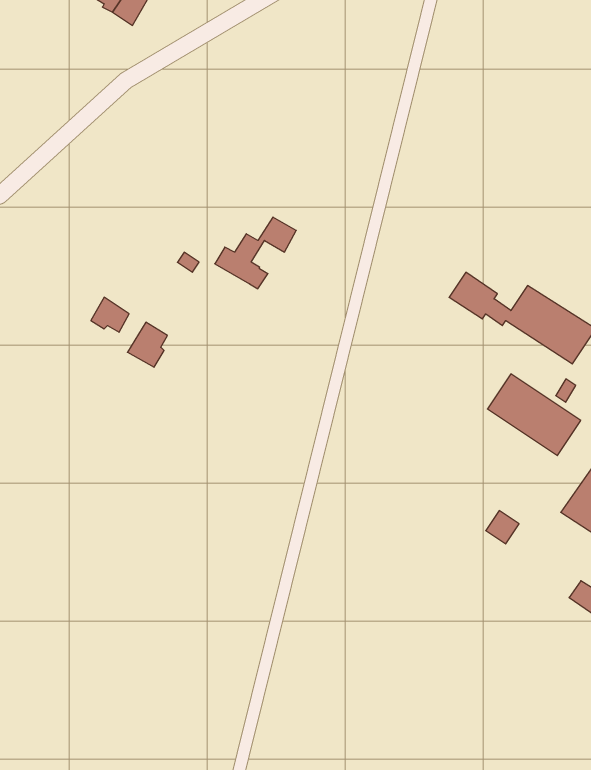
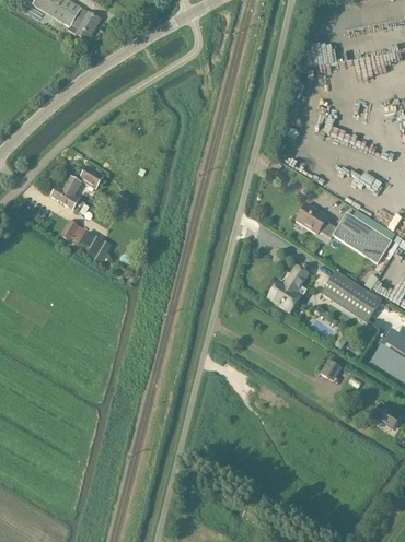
building: [215,217,296,289] -> [50,164,104,211]
building: none -> [267,263,309,310]

